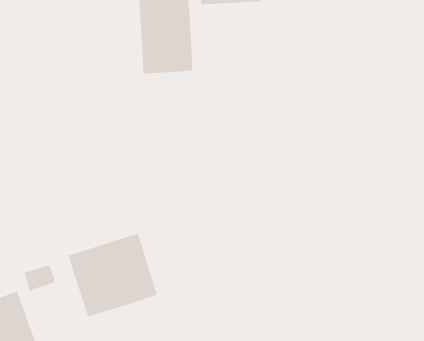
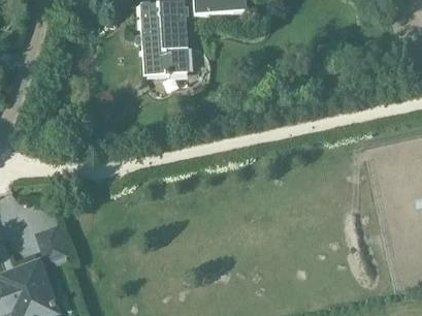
building: [68,233,157,317] -> none

